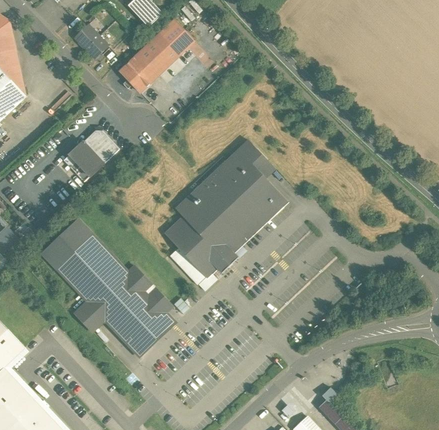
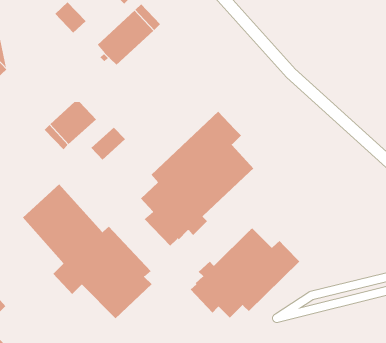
building: none -> [91,127,126,160]
building: none -> [190,227,300,318]

